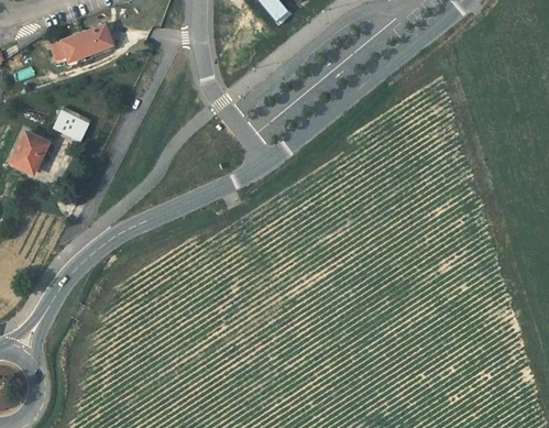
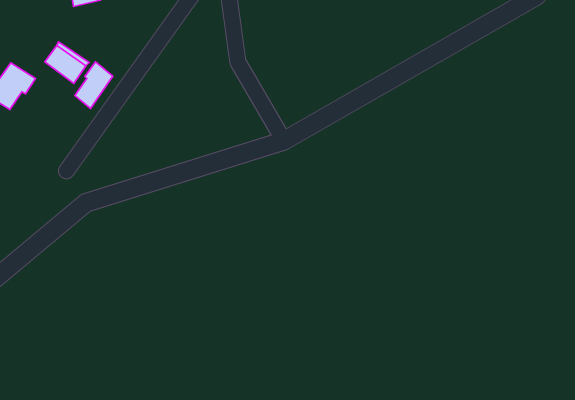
building: none -> [75,62,113,108]

